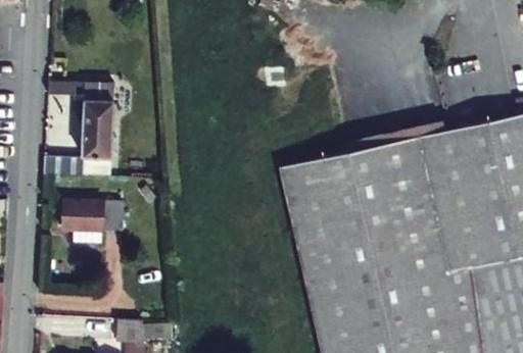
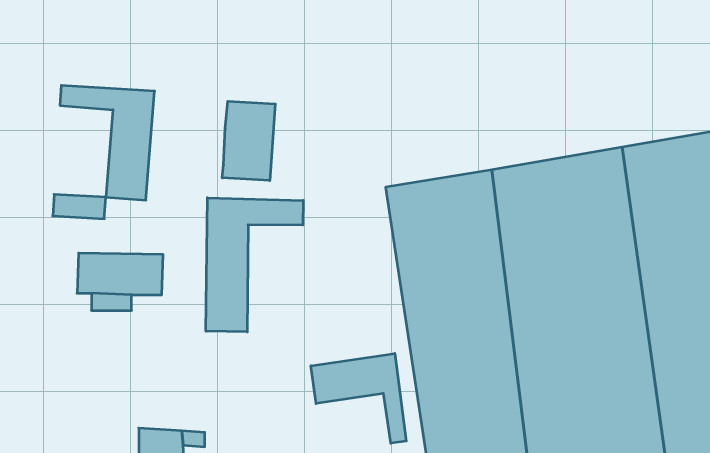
building: none -> [222,101,275,181]
building: none -> [206,198,303,332]
building: none -> [311,353,406,443]

